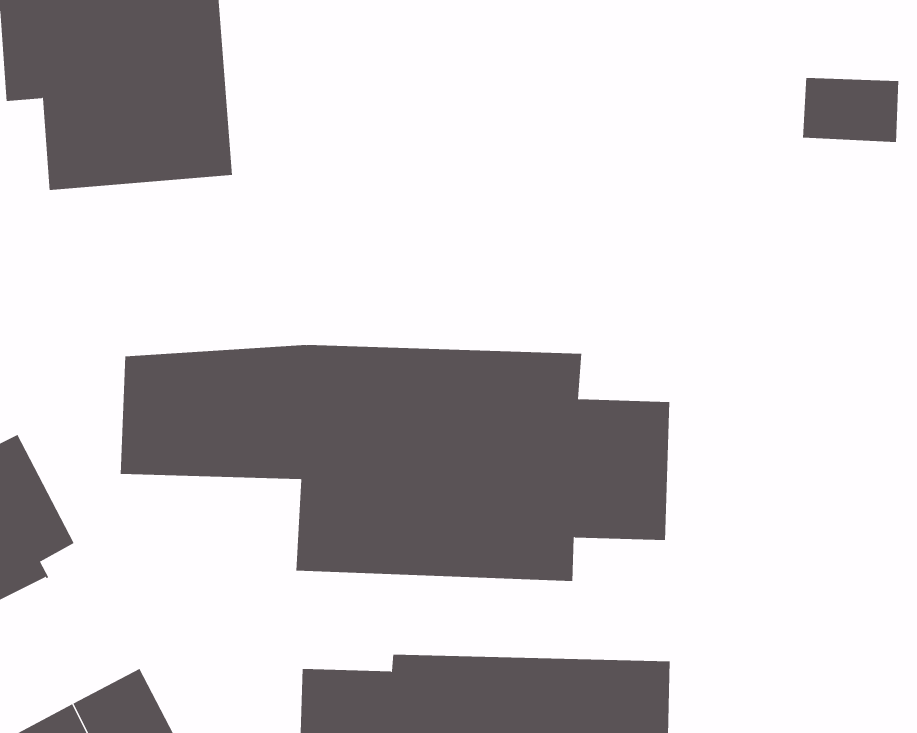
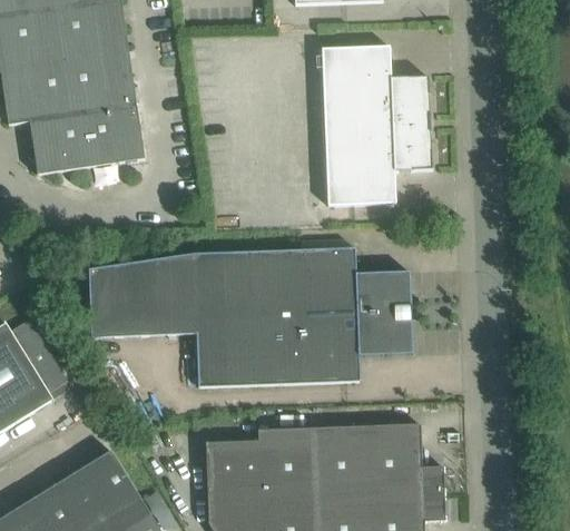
building: none -> [321,46,432,205]
building: [803,77,899,143] -> none

